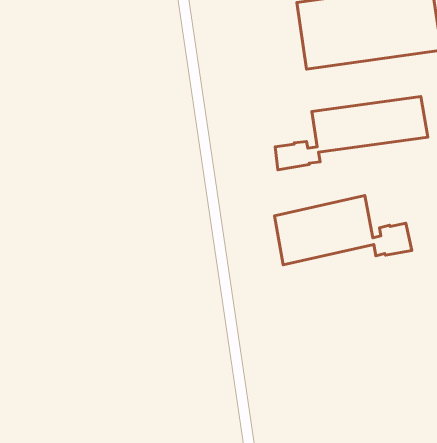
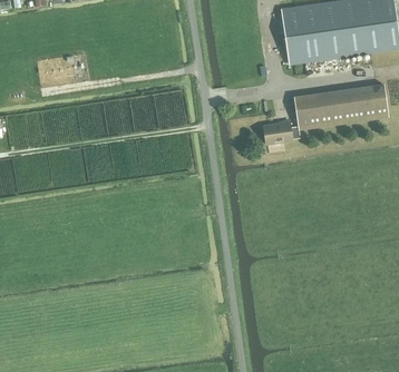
building: [275,195,412,265] -> none

